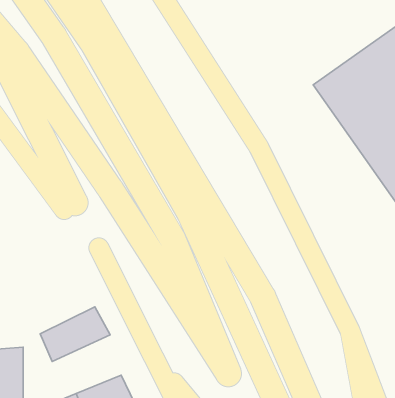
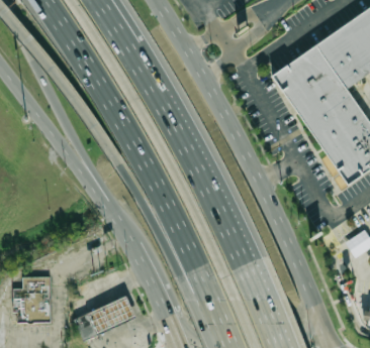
building: [40,307,110,361] -> none

